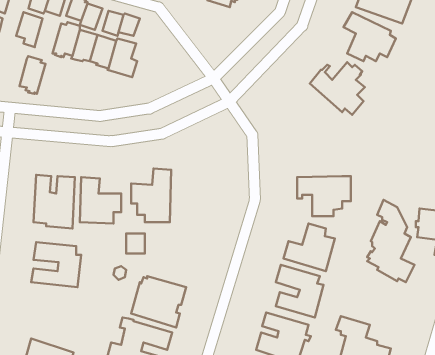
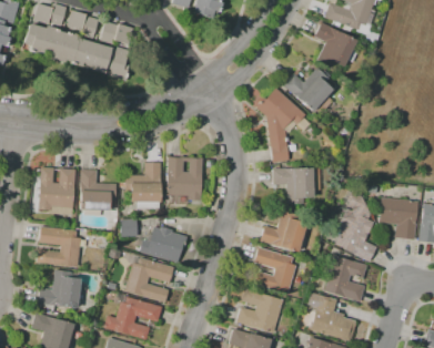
building: [19,56,46,94] -> [40,27,63,60]
building: none -> [254,88,310,163]
building: none -> [166,156,203,205]
building: none -> [138,226,188,264]
building: none -> [325,256,366,301]
building: none -> [39,270,80,309]

